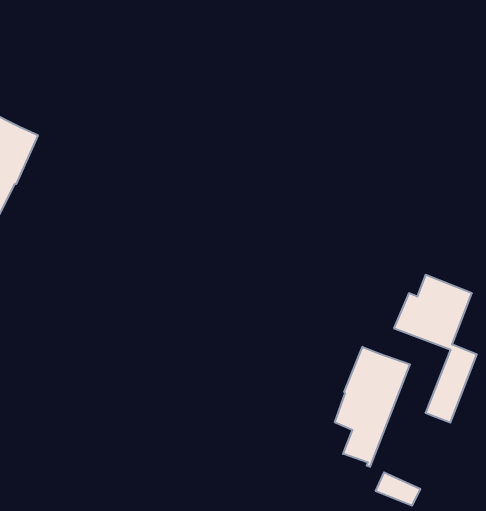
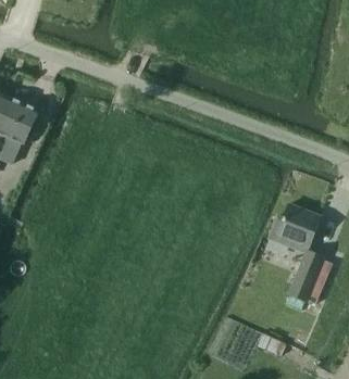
building: [335,347,410,467] -> none

